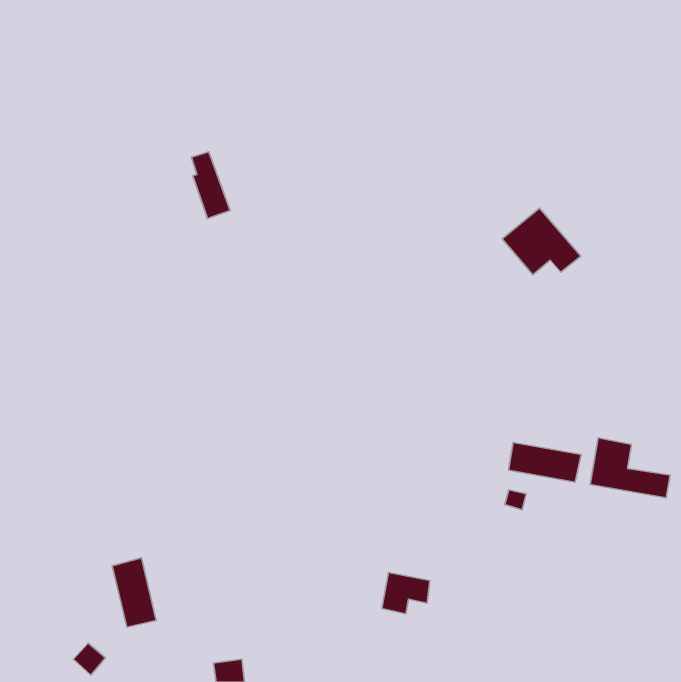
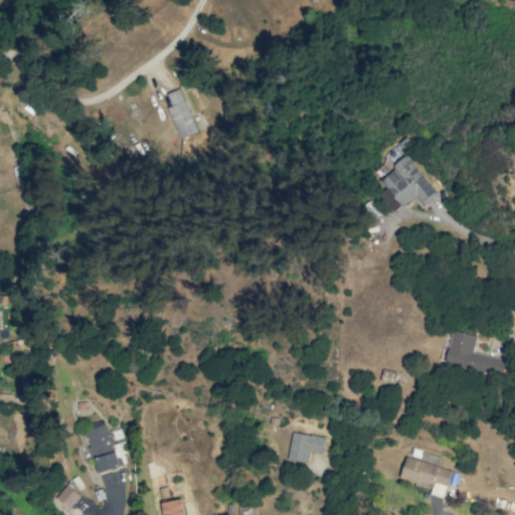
building: [192,152,230,219] -> [168,89,197,139]
building: [509,442,581,482] -> none
building: none -> [400,457,453,498]

